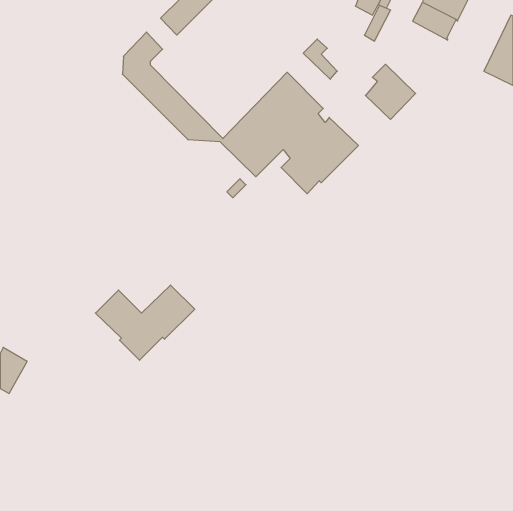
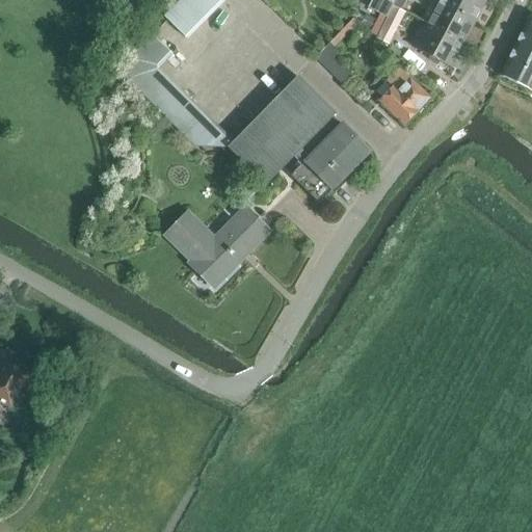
building: none -> [415,22,463,65]
building: [95,285,195,360] -> [165,206,268,284]

